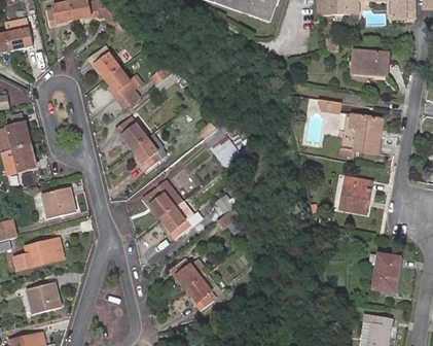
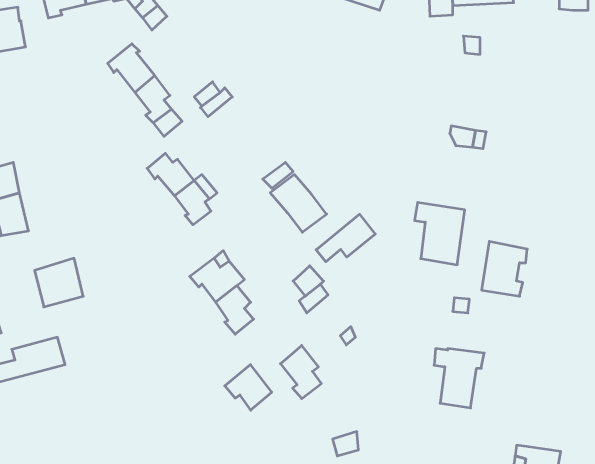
building: [351,49,385,73] -> none
building: [348,112,382,154] -> [415,202,465,265]
building: none -> [316,214,375,262]
building: [369,253,403,293] -> [434,349,484,408]
building: [183,278,211,314] -> [280,345,321,399]
building: [23,284,57,315] -> none

